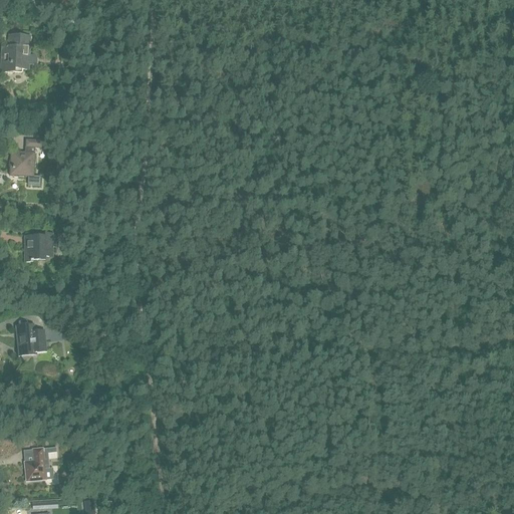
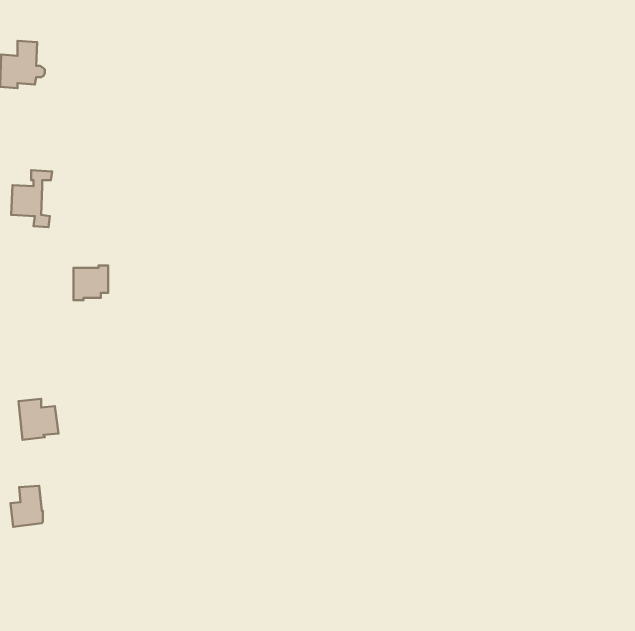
building: [24,232,52,260] -> [73,265,108,300]
building: [24,447,50,480] -> [11,486,43,527]

